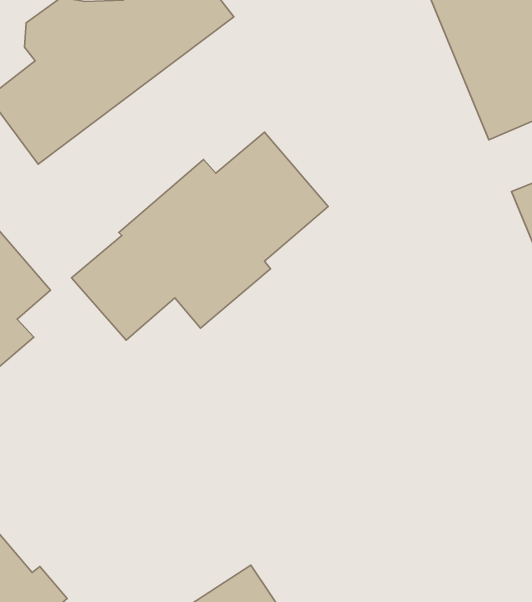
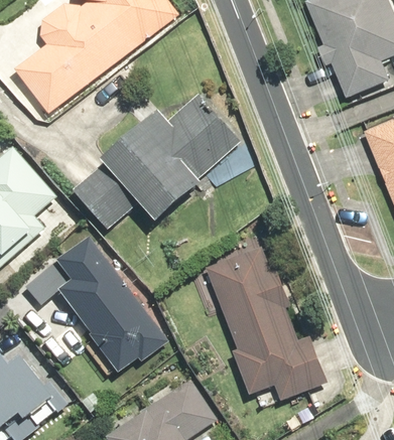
building: none -> [56,235,168,371]
building: none -> [206,245,325,399]

